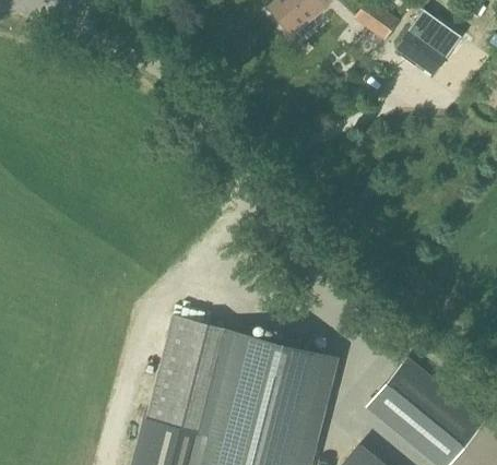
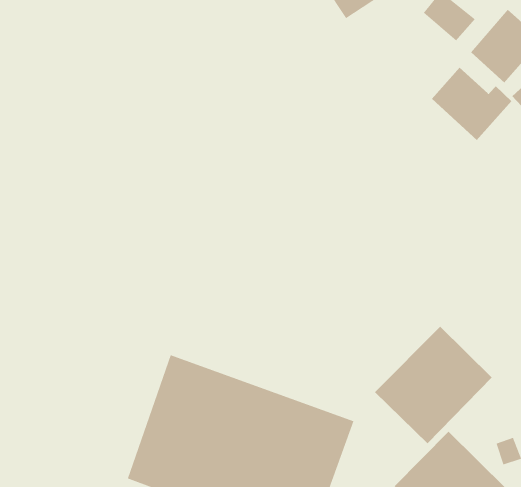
building: none -> [431,67,512,141]
building: none -> [374,326,493,444]

